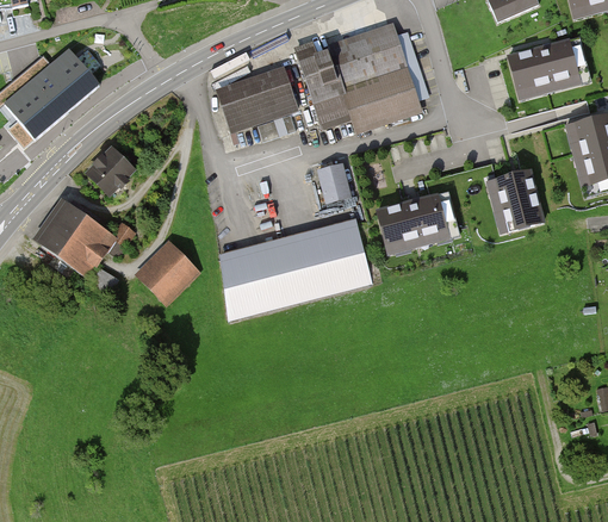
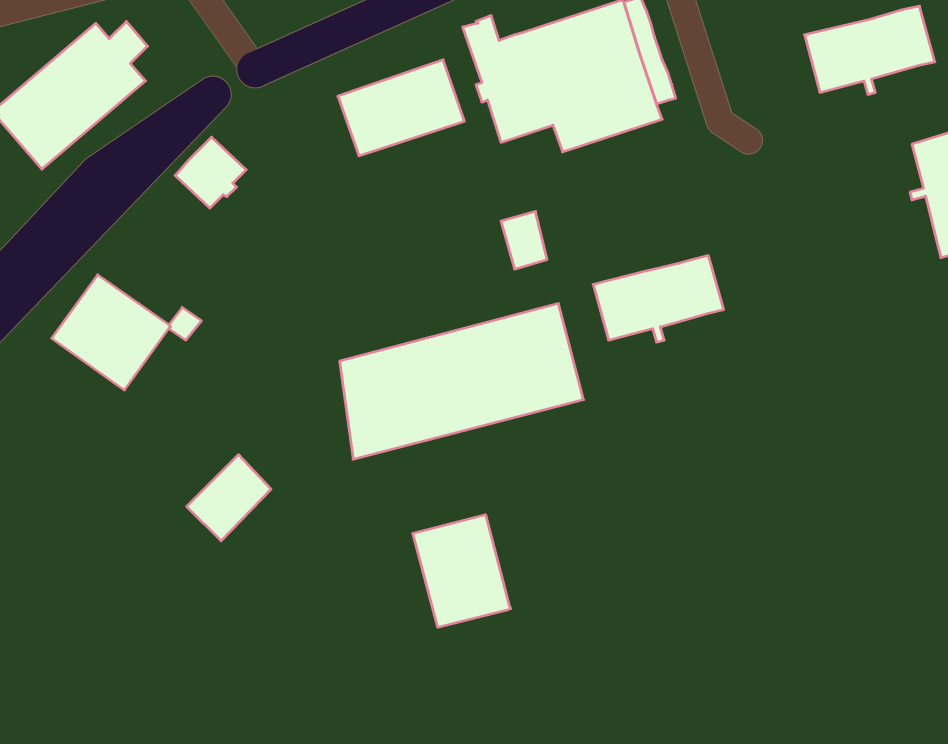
building: [87,149,131,193] -> [175,137,246,208]
building: [485,169,542,230] -> none
building: [139,246,192,299] -> [187,455,271,541]
building: none -> [413,515,511,627]

